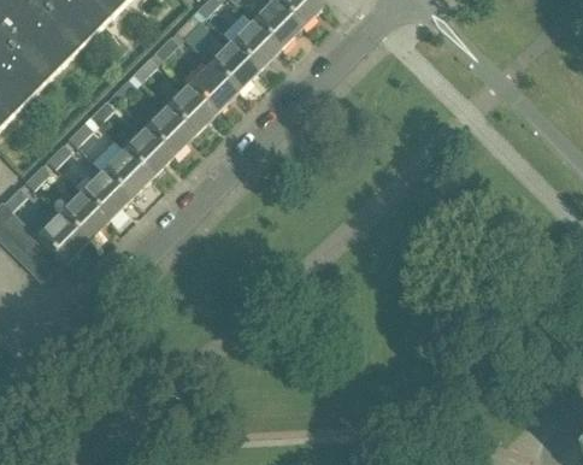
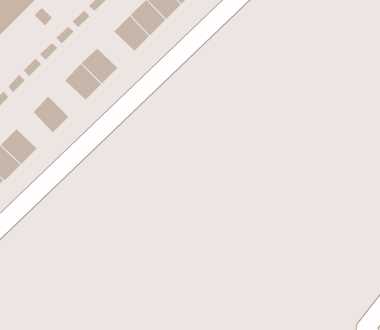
building: [187,64,236,112] -> none
building: [122,129,171,177] -> none
building: [80,171,128,219] -> none

